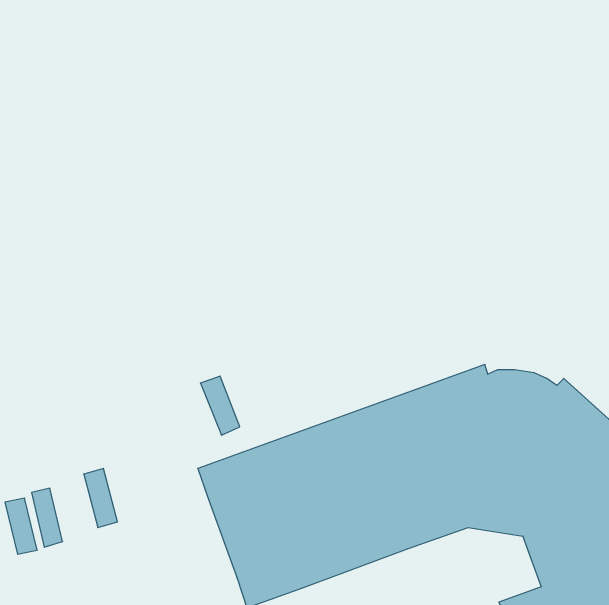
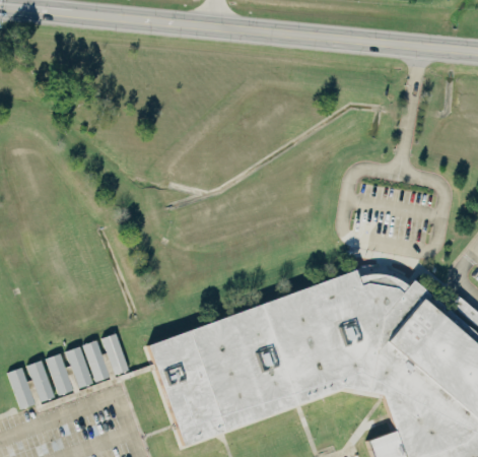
building: [200,376,240,435] -> [100,333,129,376]
building: none -> [82,340,111,383]
building: none -> [46,353,72,396]

